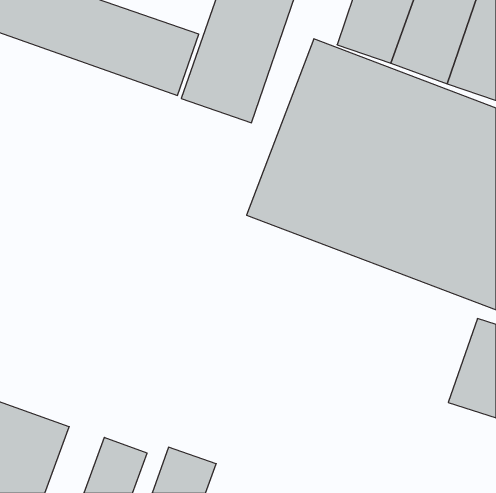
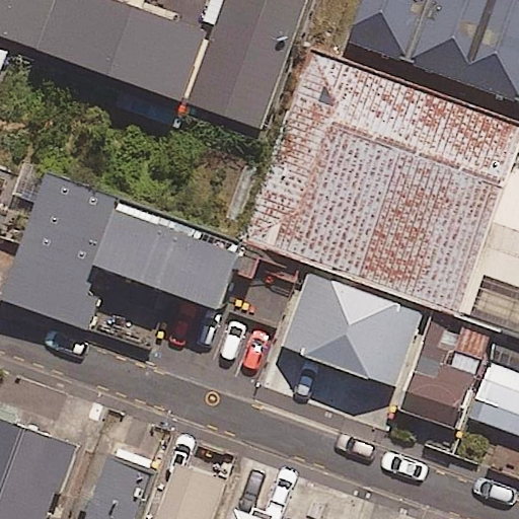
building: none -> [4,173,244,330]
building: none -> [281,268,425,388]
building: none -> [400,310,497,432]

